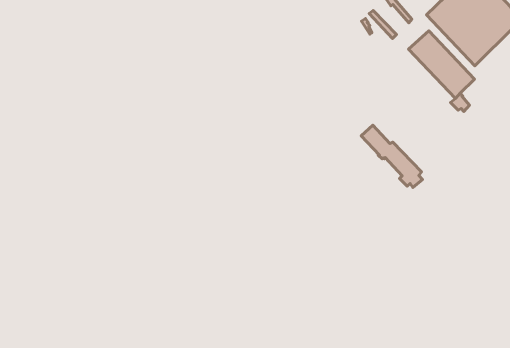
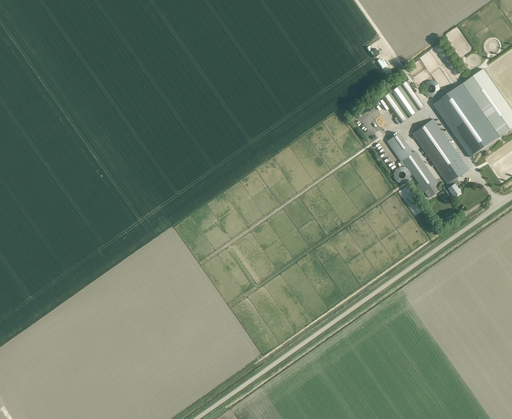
building: [361,125,423,187] -> [387,133,437,195]

